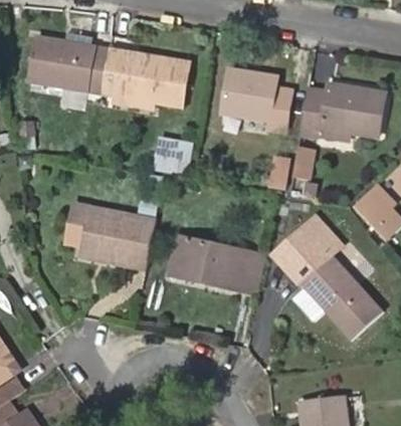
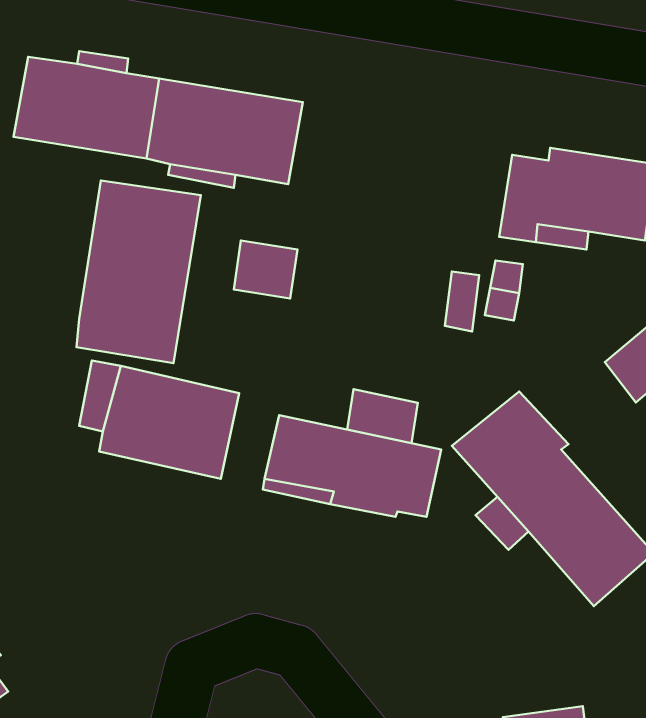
building: [221,67,291,134] -> none
building: none -> [76,180,201,363]
building: none -> [347,389,418,443]

